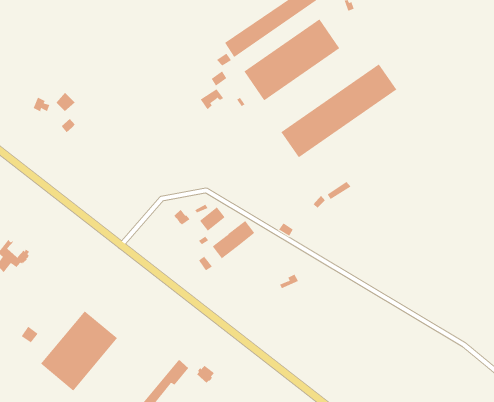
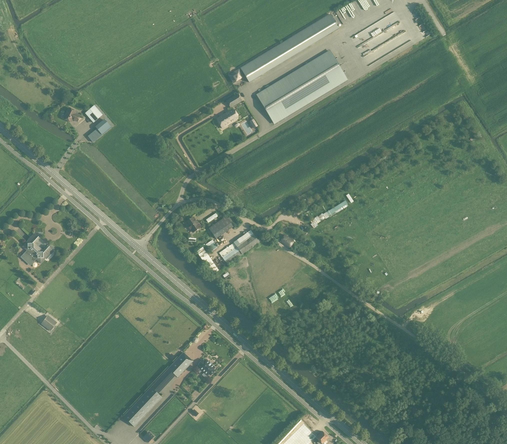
building: [281,64,397,158] -> none
building: [40,310,118,392] -> none

